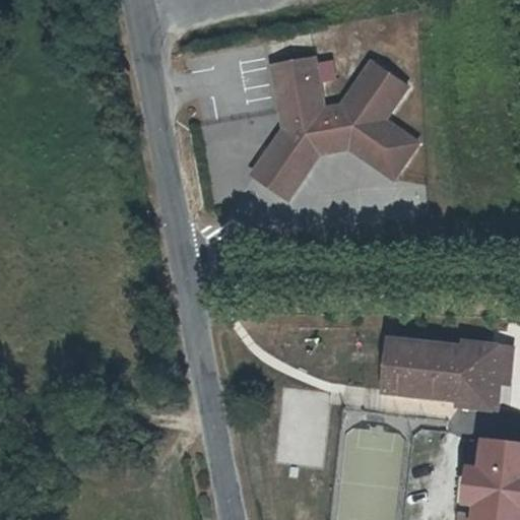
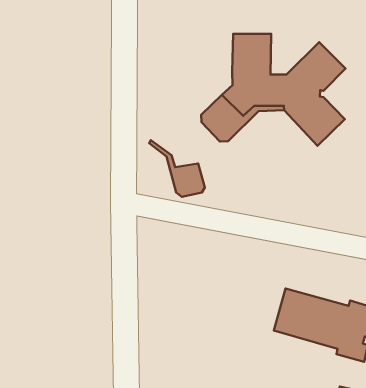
building: none -> [149,140,205,197]

